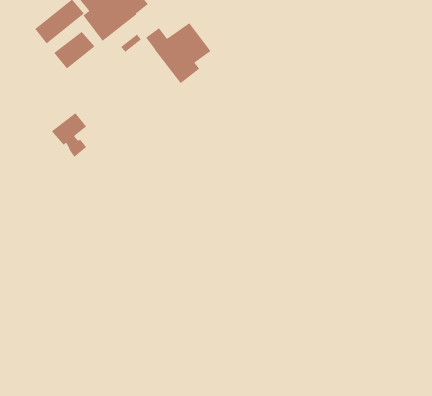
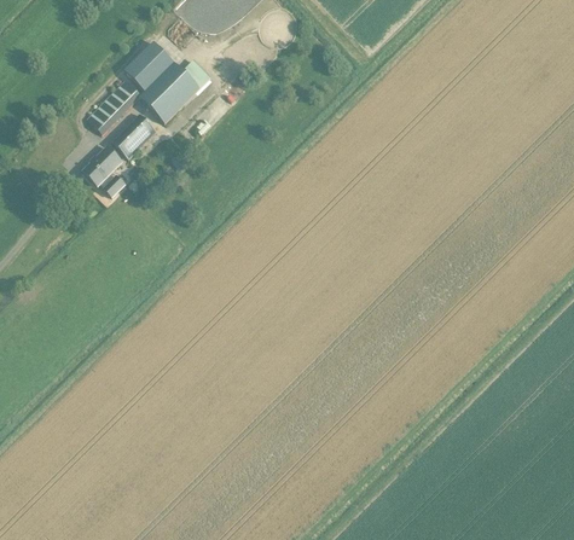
building: [145,22,211,84] -> none
building: [51,112,87,158] -> [81,146,123,197]

